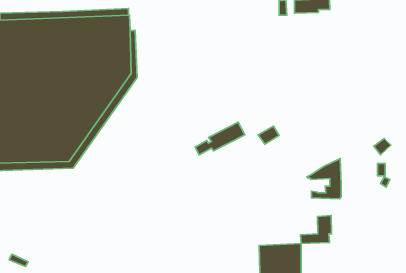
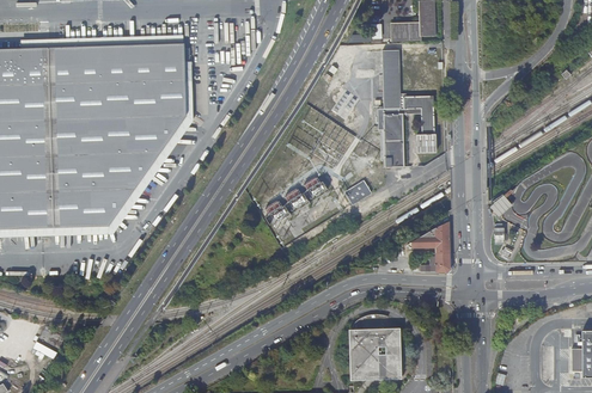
building: none -> [378,50,437,167]
building: [300,216,332,244] -> none

